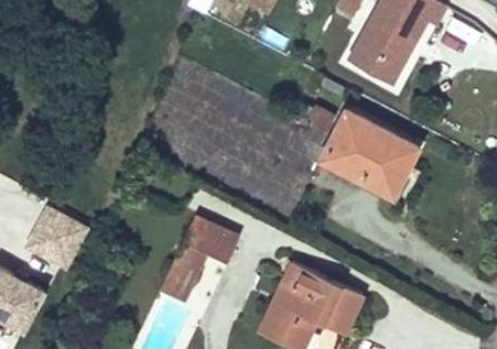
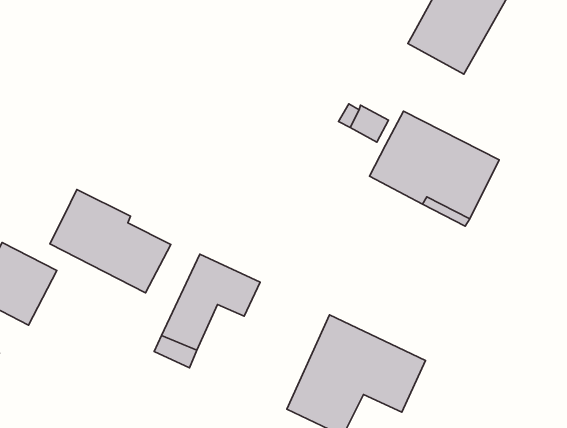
building: none -> [50,189,171,293]

